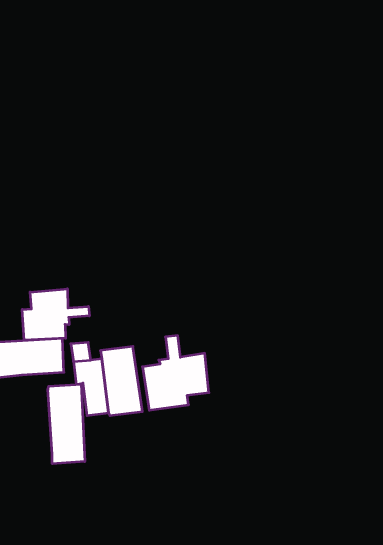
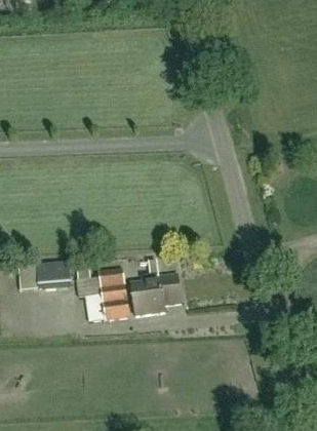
building: [22,289,89,340] -> none
building: [48,384,85,464] -> none

